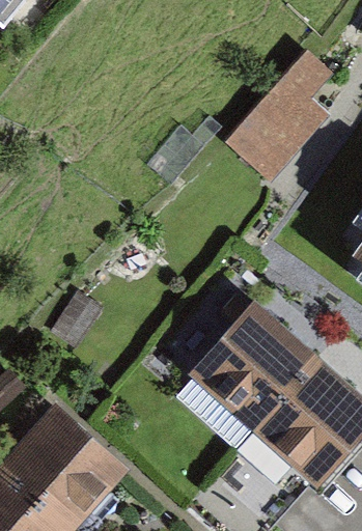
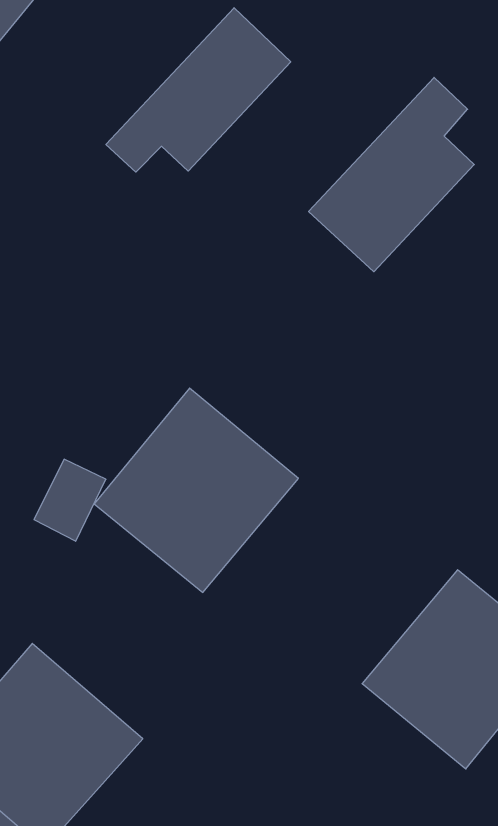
building: none -> [106,8,291,172]
building: [192,307,318,434] -> [94,388,298,592]

